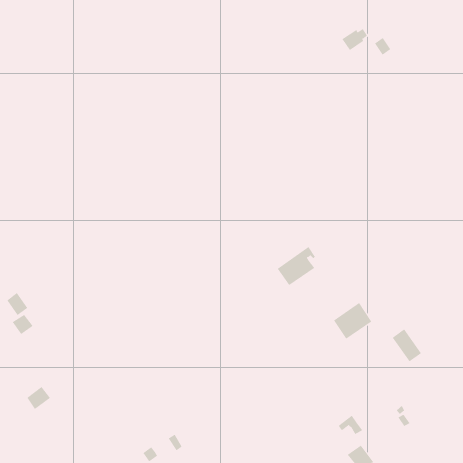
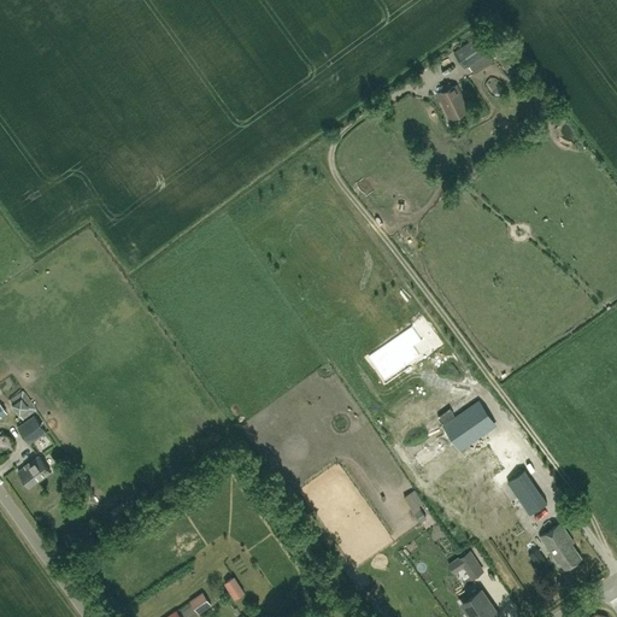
building: none -> [436,86,468,121]
building: [392,329,422,362] -> [506,471,546,516]
building: [26,386,51,410] -> [18,458,51,489]
building: none -> [539,523,580,570]

